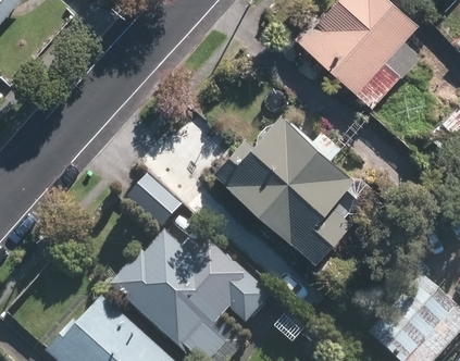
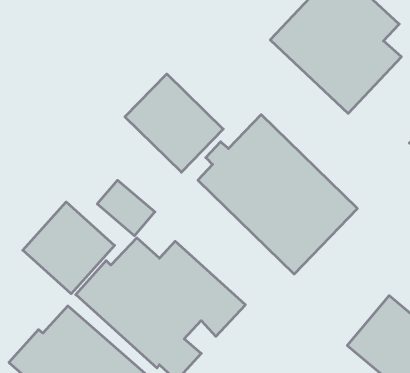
building: none -> [125,74,223,172]
building: none -> [23,202,115,294]

